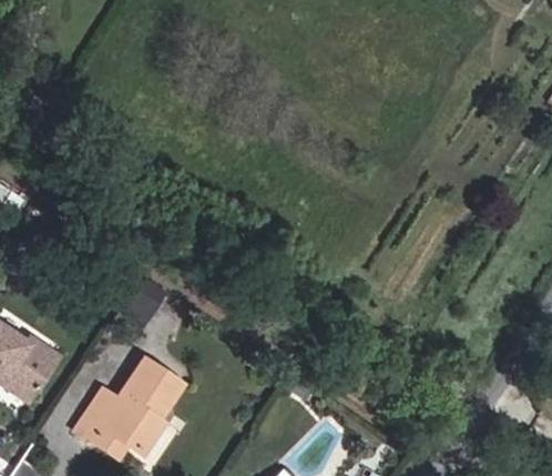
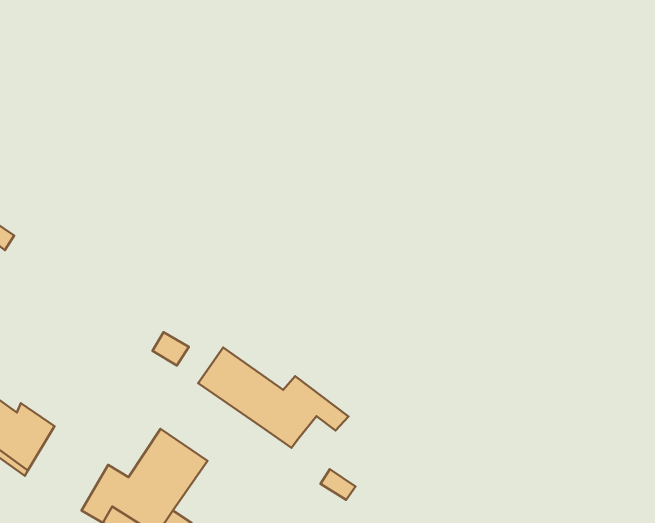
building: none -> [198,348,348,448]

